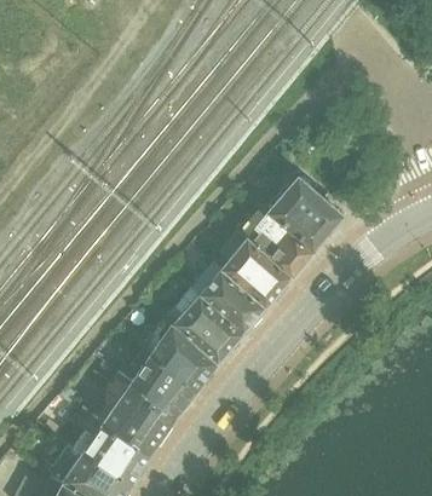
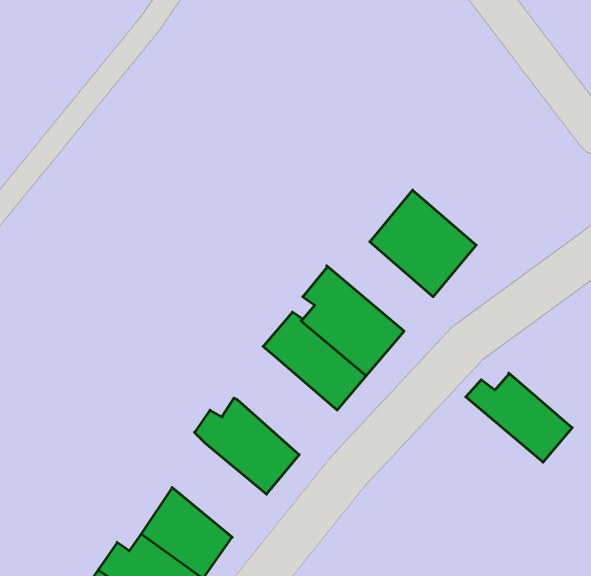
building: [238,213,313,276] -> [466,373,572,462]
building: [175,293,246,363] -> none
building: [129,354,196,421] -> none

